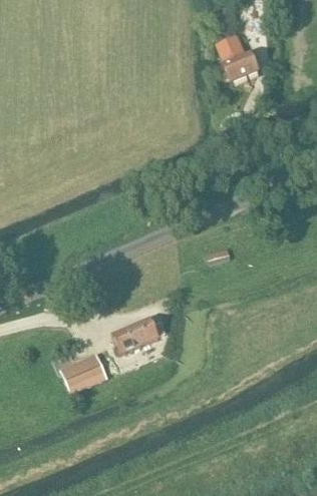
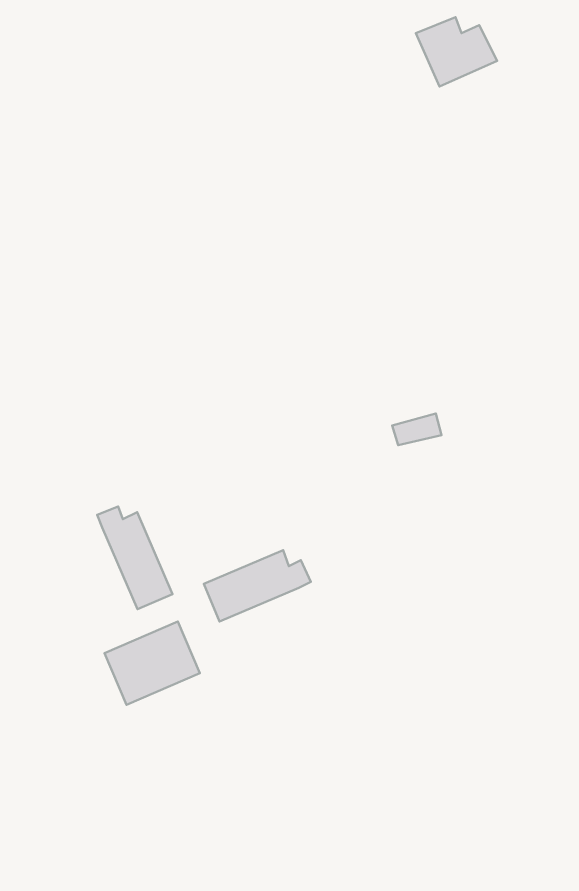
building: none -> [97,506,172,609]

